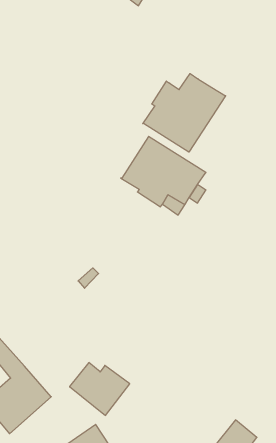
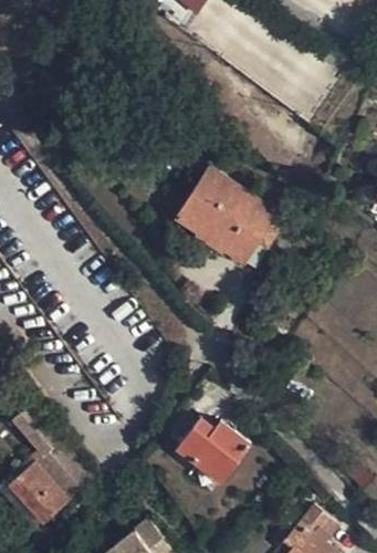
building: [143,74,226,152] -> none
building: [70,363,130,415] -> [177,419,249,482]

